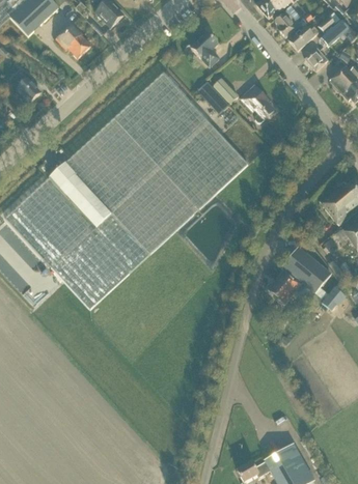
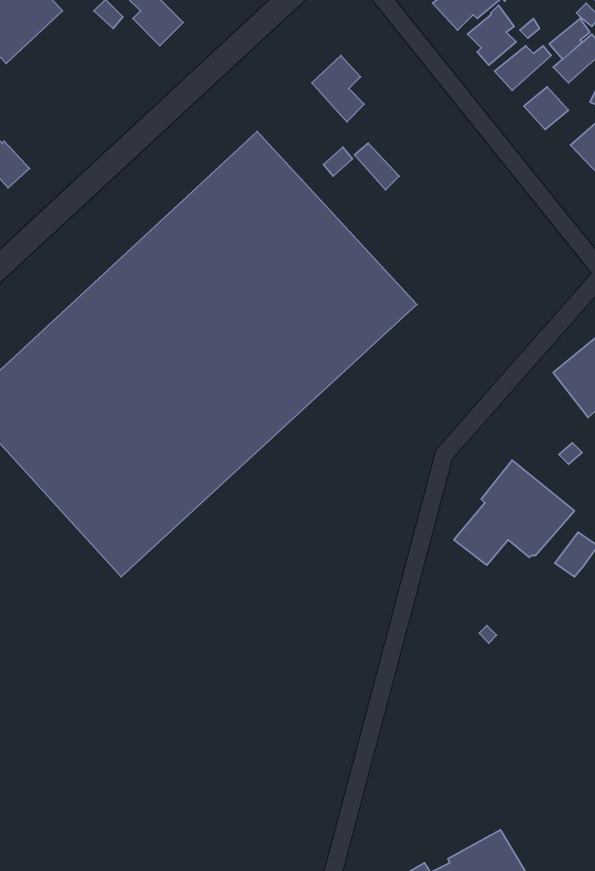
building: [56,21,91,57] -> none
building: [241,83,275,120] -> none

